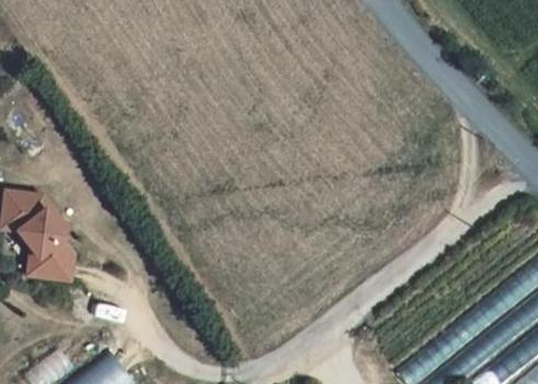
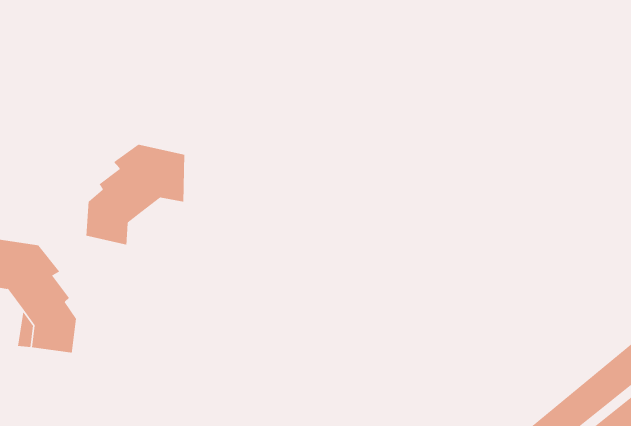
building: none -> [86,144,185,246]

